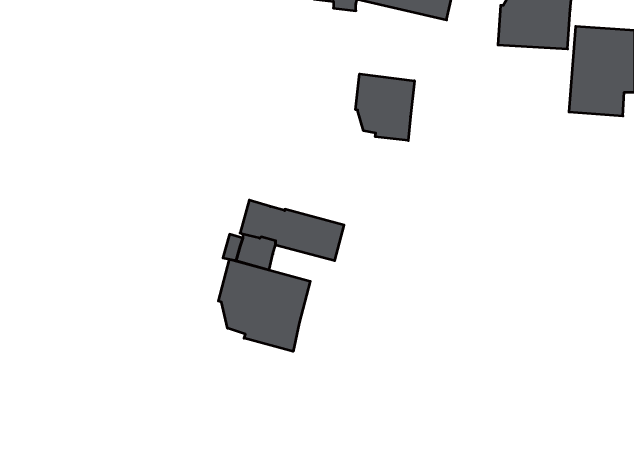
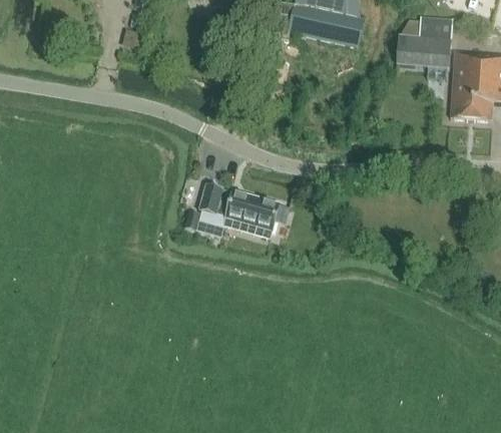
building: [356,74,414,141] -> none
building: [218,259,310,351] -> none

